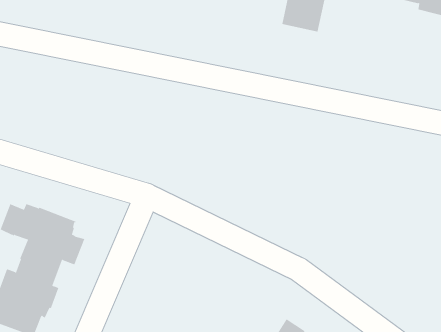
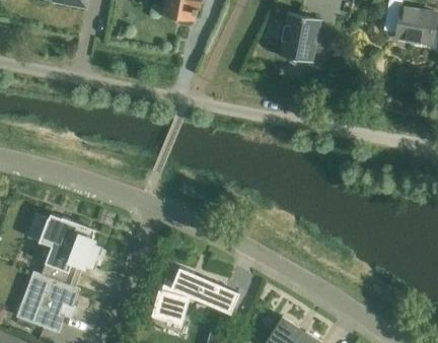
building: none -> [156,268,239,318]

